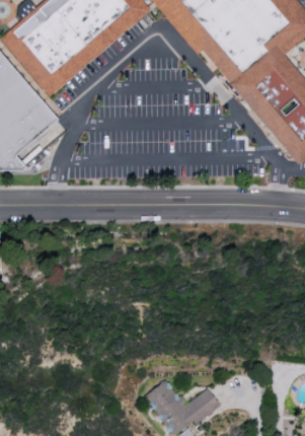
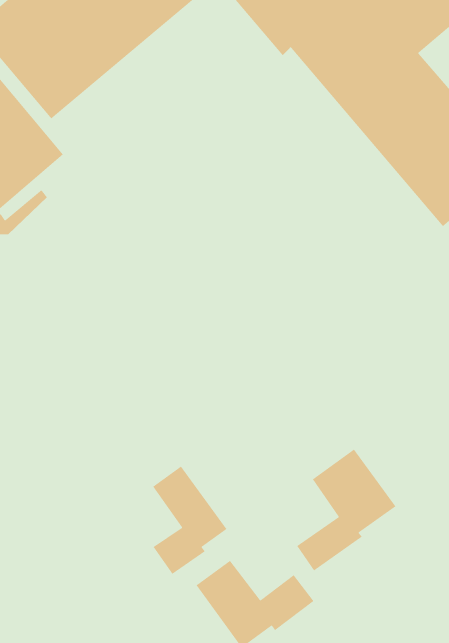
building: none -> [296,449,396,571]
building: none -> [152,466,228,575]

